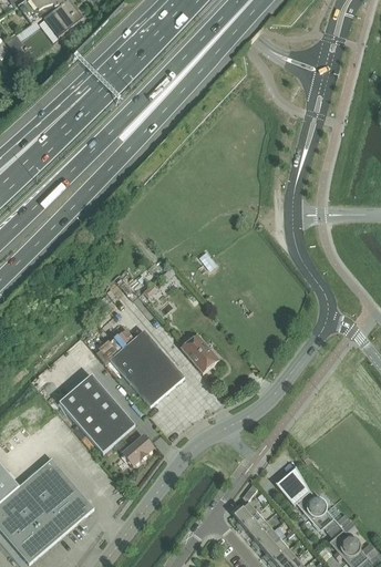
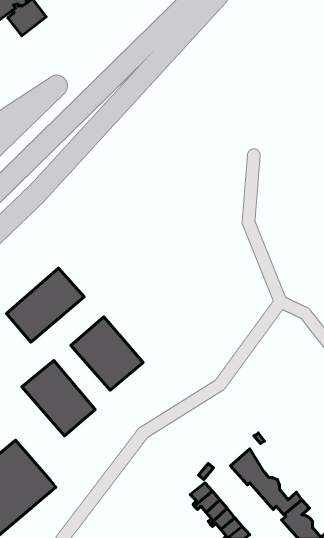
building: none -> [6,268,84,342]
building: [181,333,219,372] -> none
building: [123,435,154,465] -> none

